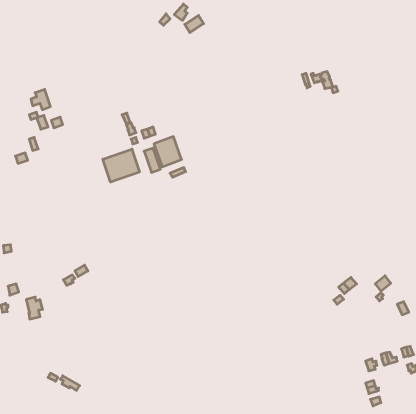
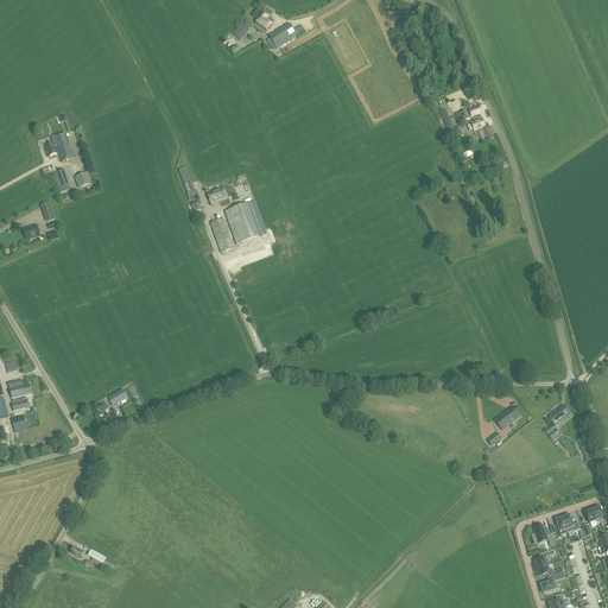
building: [103,149,139,182] -> none
building: [26,297,43,319] -> [8,378,32,410]

